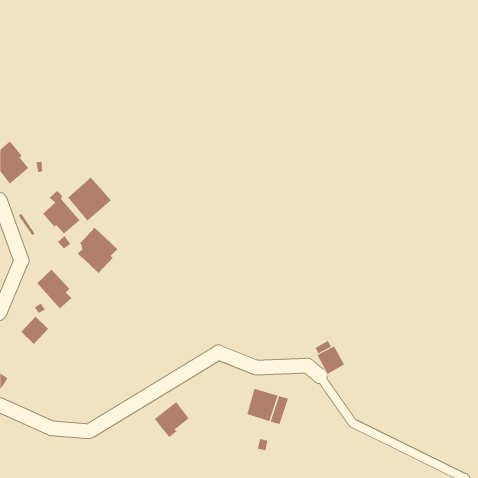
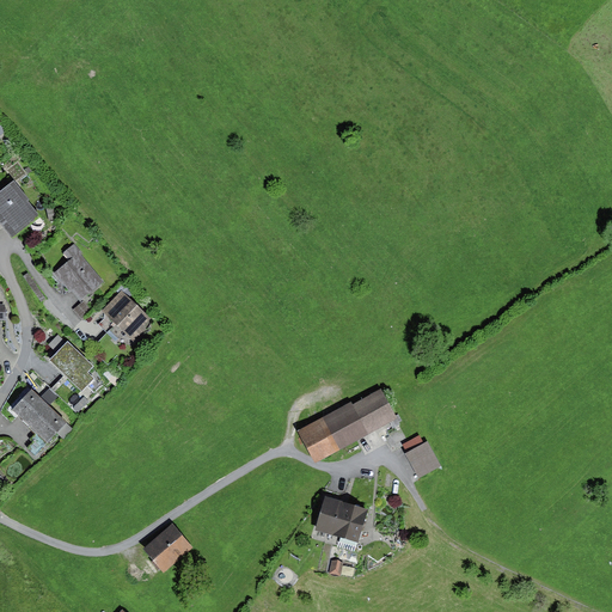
building: [67,177,112,221] -> none
building: none -> [8,386,45,423]
building: none -> [296,388,396,463]
building: [154,401,190,438] -> [143,525,189,571]

